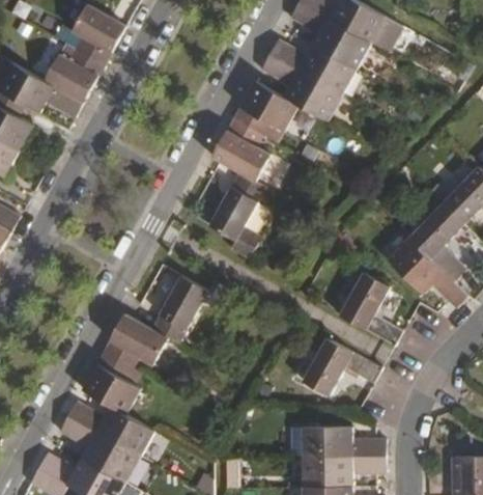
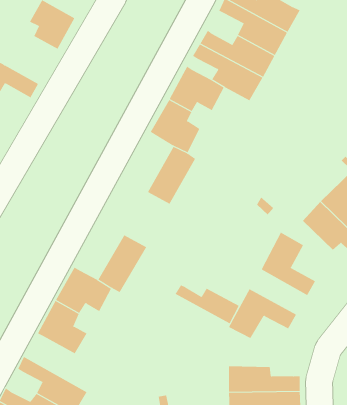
building: [45,47,106,102] -> none
building: none -> [175,284,239,324]
building: [66,400,154,457] -> none

